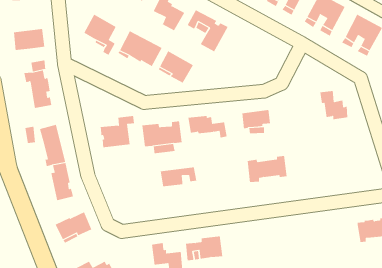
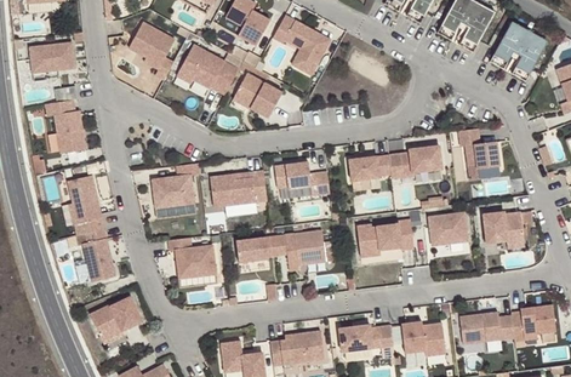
building: none -> [388,147,441,178]
building: none -> [483,212,524,245]
building: none -> [428,213,468,246]
building: none -> [284,230,326,272]
building: none -> [169,238,216,279]
building: none -> [459,313,514,344]
building: none -> [401,321,445,356]
building: none -> [338,325,393,353]

